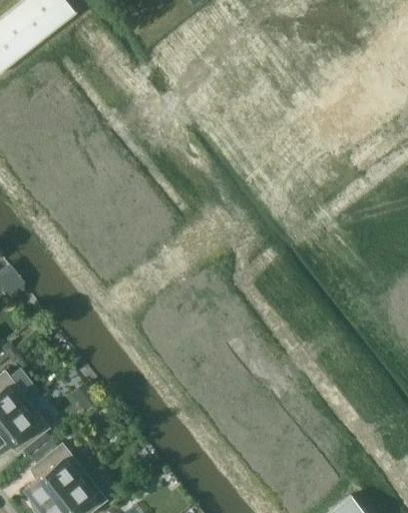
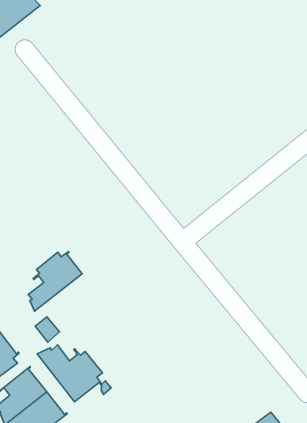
building: none -> [28,252,82,311]
building: none -> [37,345,102,402]

